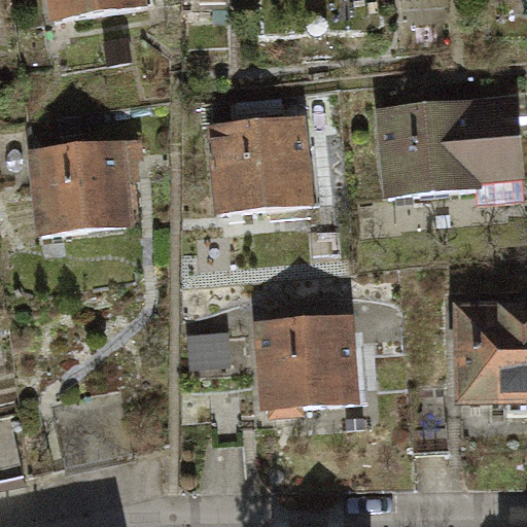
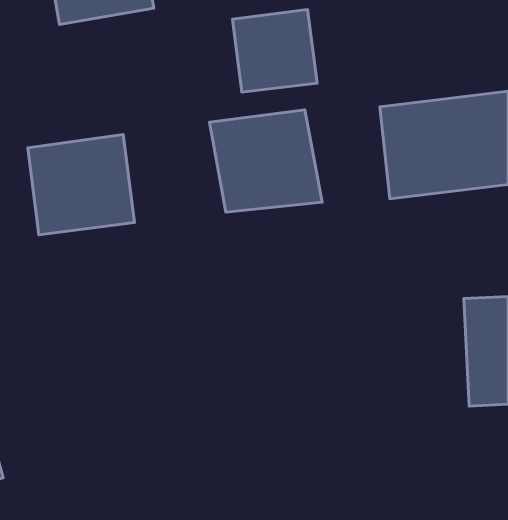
building: none -> [232,9,317,92]
building: [264,309,371,410] -> none

